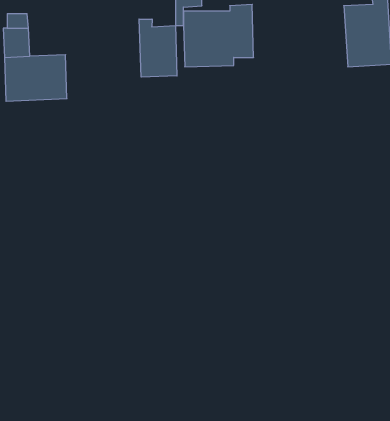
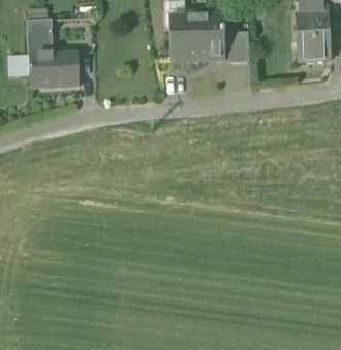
building: [139,19,177,77] -> none
building: none -> [227,31,249,62]

